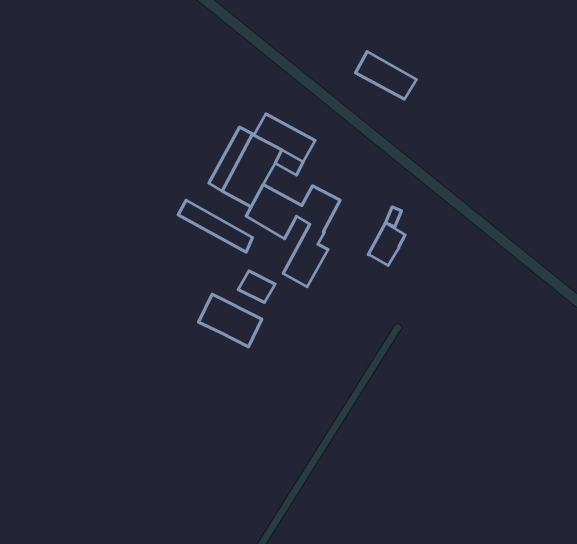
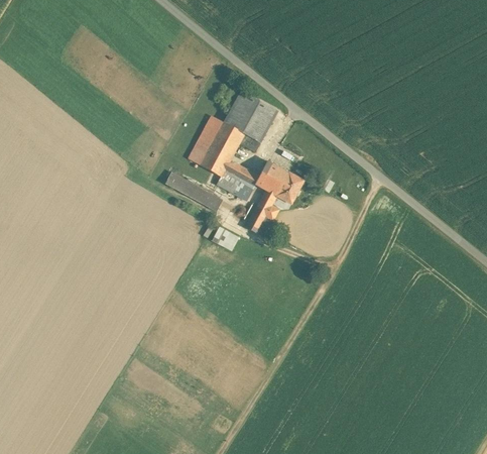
building: [355,51,416,99] -> [232,90,278,126]
building: [368,223,405,265] -> [275,172,303,204]
building: [199,294,262,347] -> none

